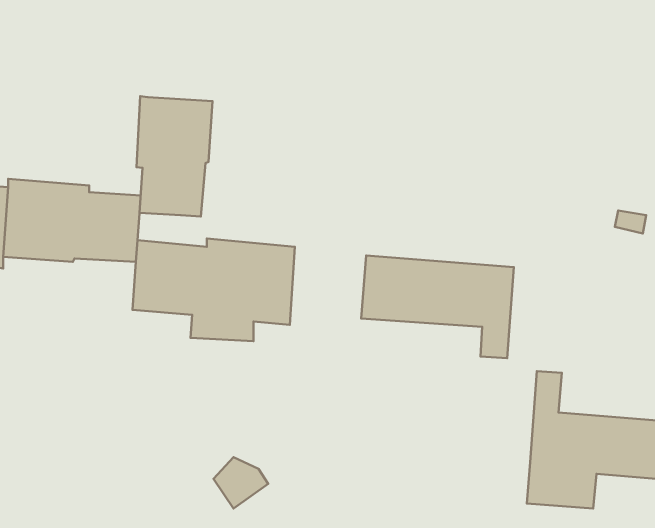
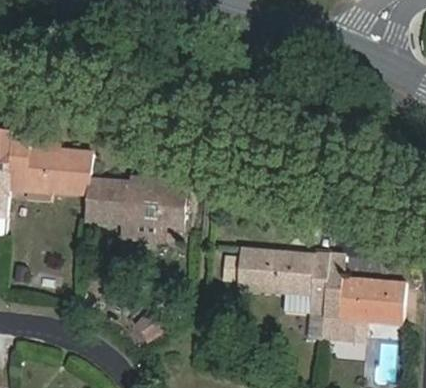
building: [137,96,212,216] -> none
building: [361,255,514,358] -> [239,250,331,312]

